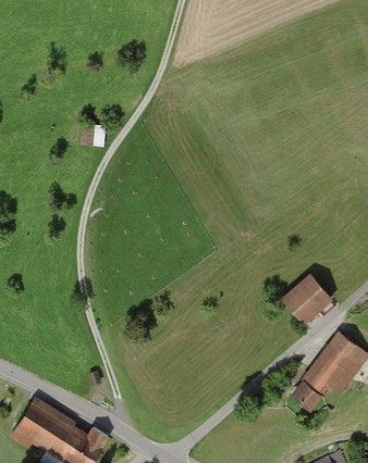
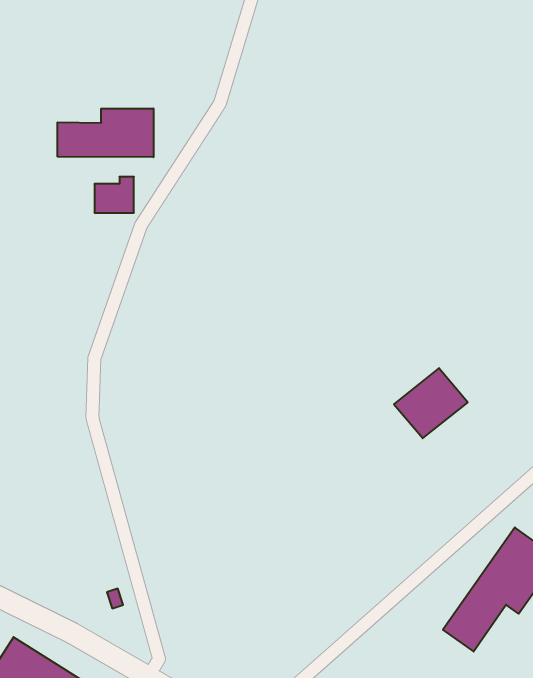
building: none -> [58,108,153,157]
building: [289,278,333,321] -> [394,368,468,438]

